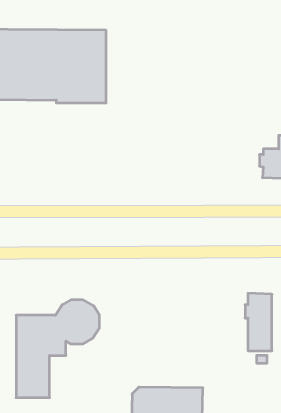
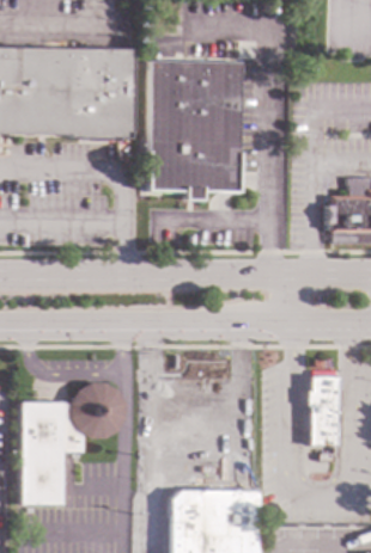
building: none -> [145,60,249,199]

